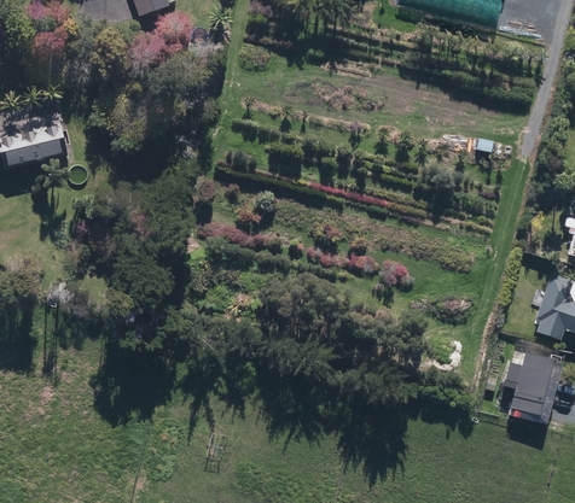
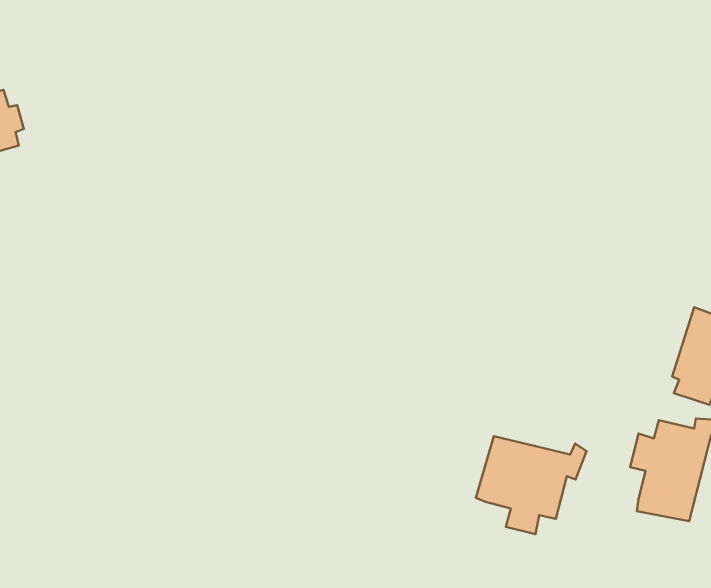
building: none -> [476,436,587,534]

